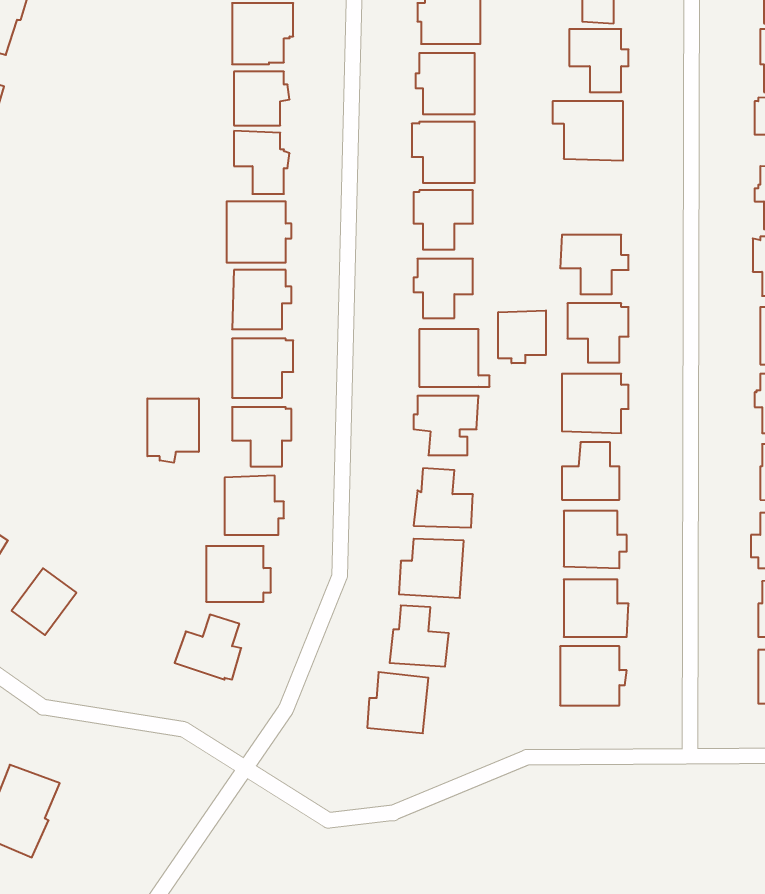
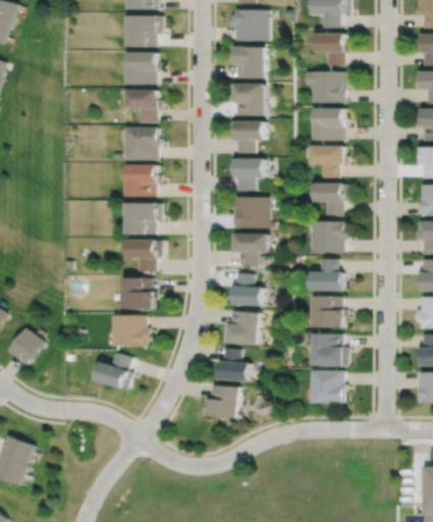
building: none -> [313,107,343,141]
building: [498,310,546,363] -> none
building: [147,398,199,463] -> none

